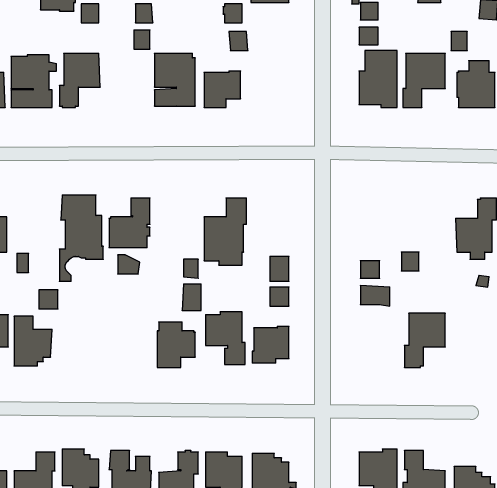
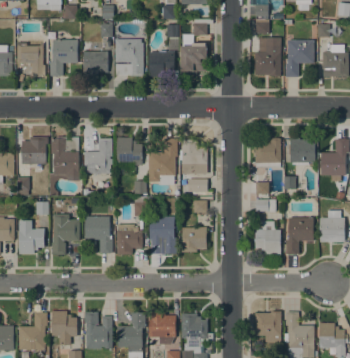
building: none -> [181,20,212,74]
building: none -> [83,51,108,76]
building: none -> [22,136,48,164]
building: none -> [117,137,143,165]
building: none -> [255,137,283,167]
building: none -> [291,137,316,164]
building: none -> [182,139,208,173]
building: none -> [320,210,345,241]
building: none -> [52,213,80,254]
building: none -> [85,215,113,253]
building: none -> [254,220,281,255]

